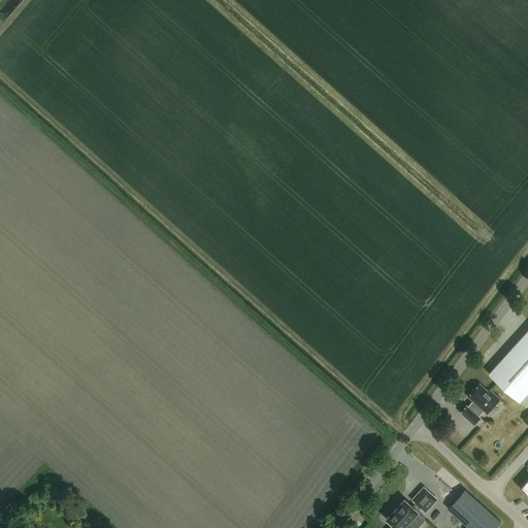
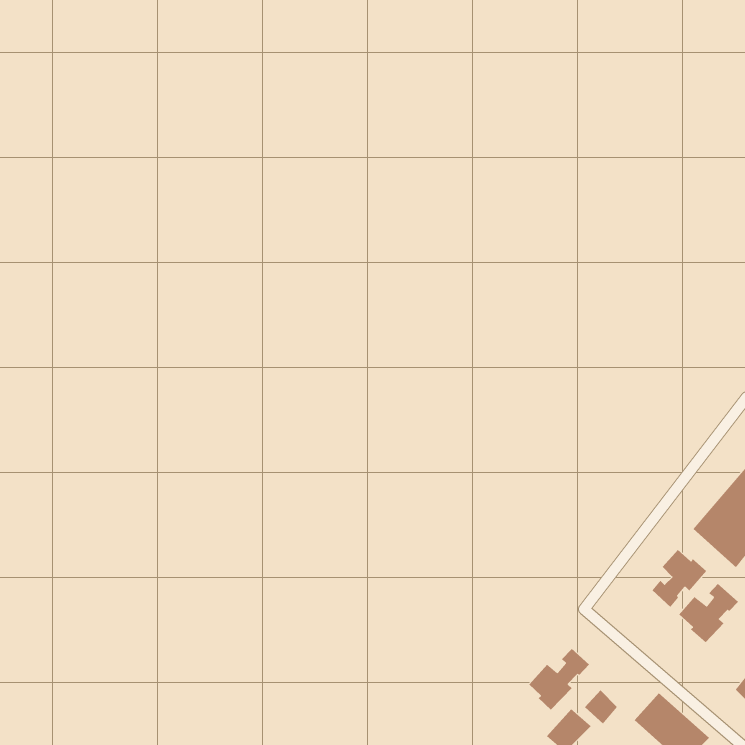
building: none -> [678,583,739,643]
building: none -> [528,648,590,710]

